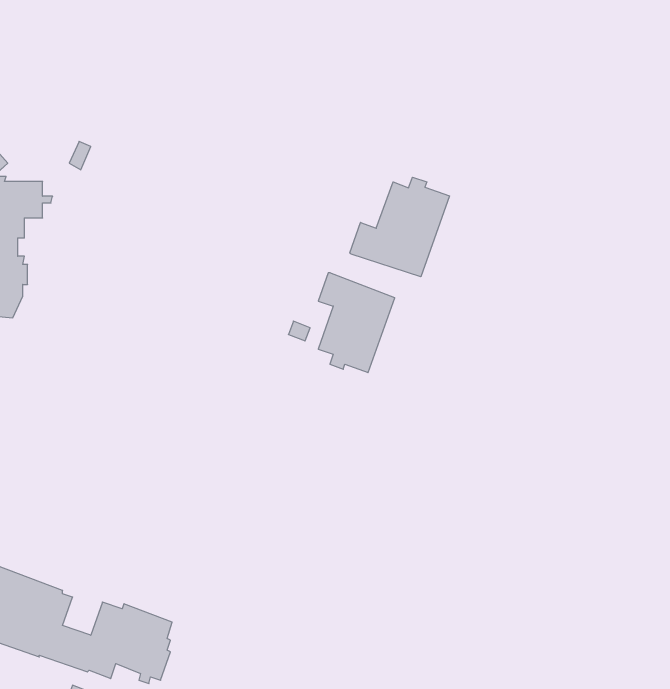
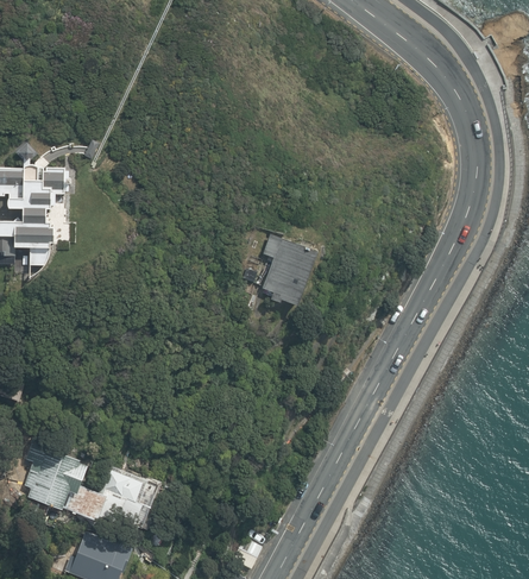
building: [350,177,449,277] -> none

